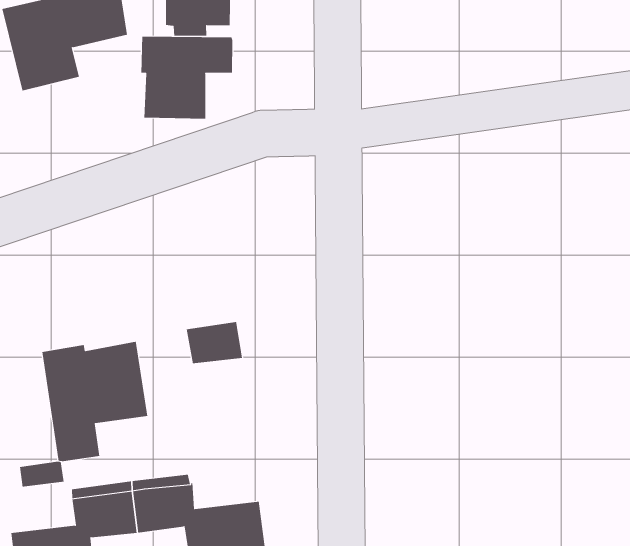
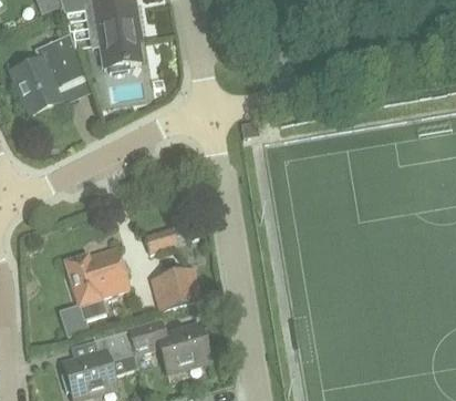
building: [141,36,233,119] -> none
building: none -> [148,265,201,312]

